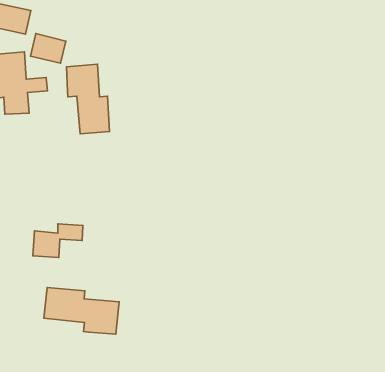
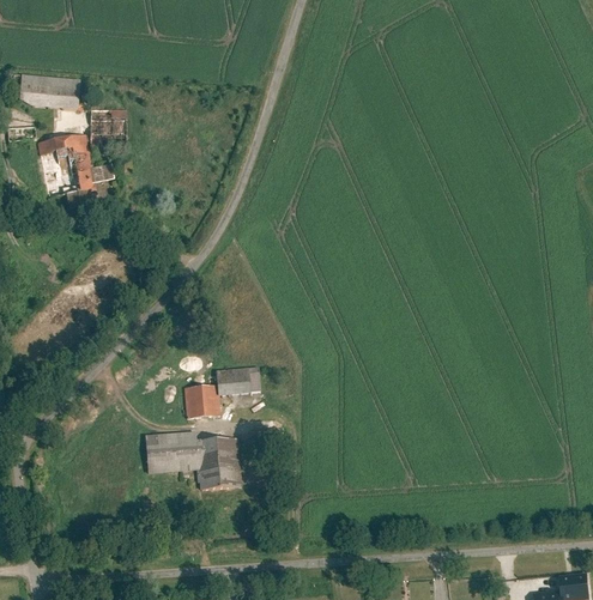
building: [66,64,110,134] -> none
building: [33,224,83,258] -> [189,372,252,418]

